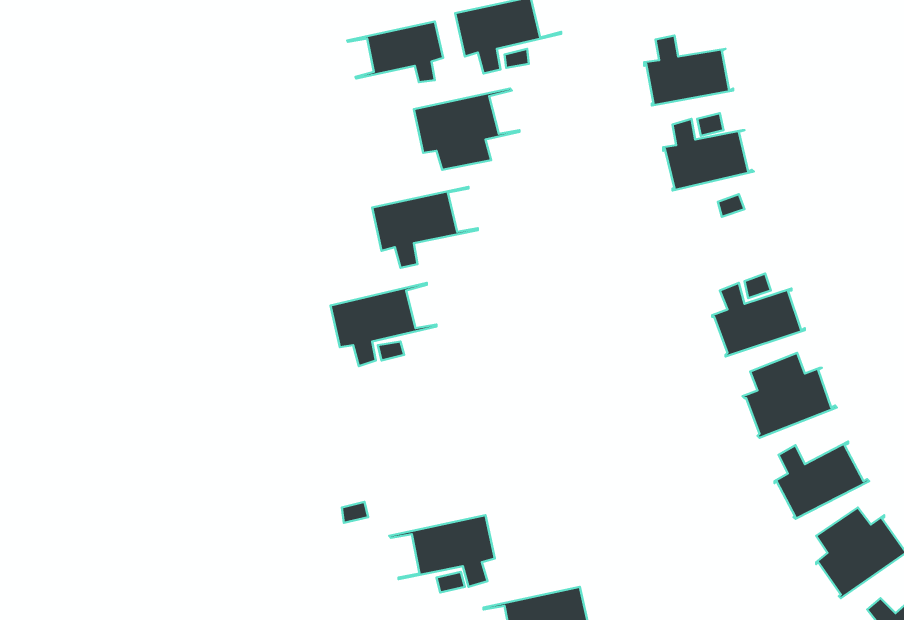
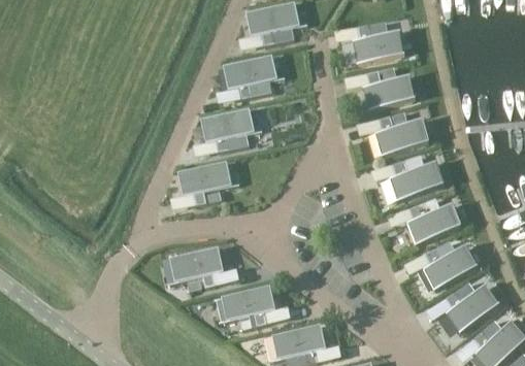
building: [347,21,443,82] -> none
building: none -> [375,114,425,154]
building: none -> [162,247,220,286]

